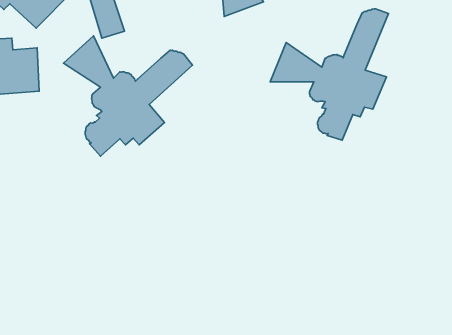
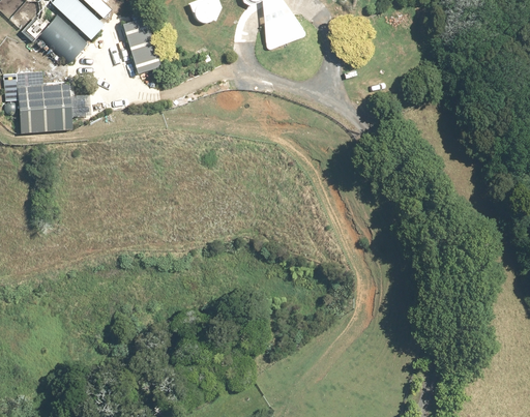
building: [270,9,389,140] -> none
building: [64,36,192,156] -> none

